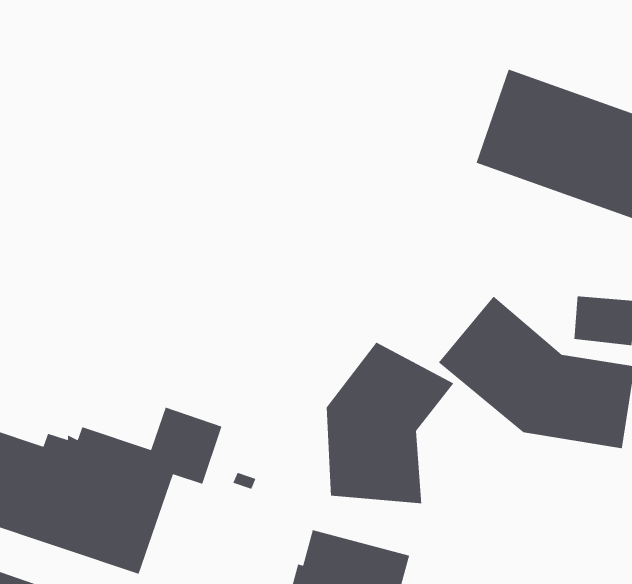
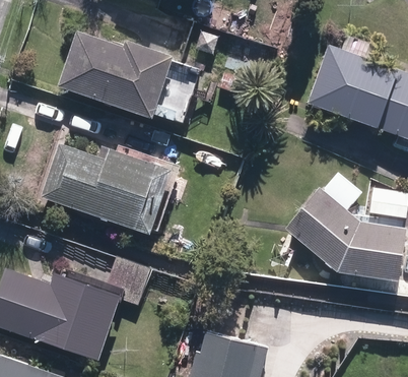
building: none -> [57,30,173,118]
building: none -> [41,143,172,235]
building: [326,342,455,504] -> none

